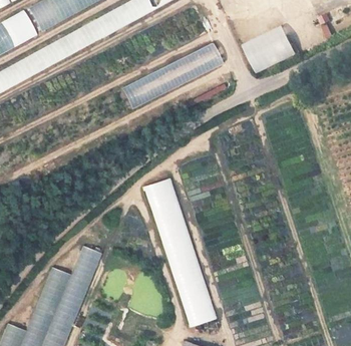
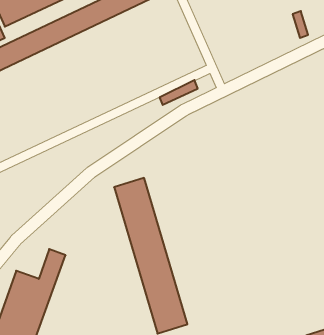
building: [243,25,297,73] -> none
building: [119,44,223,108] -> none

